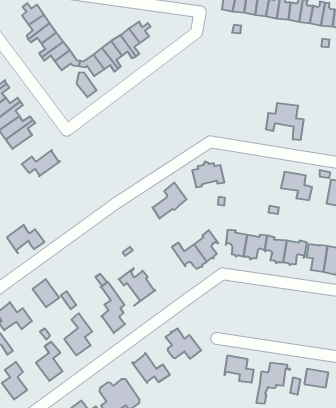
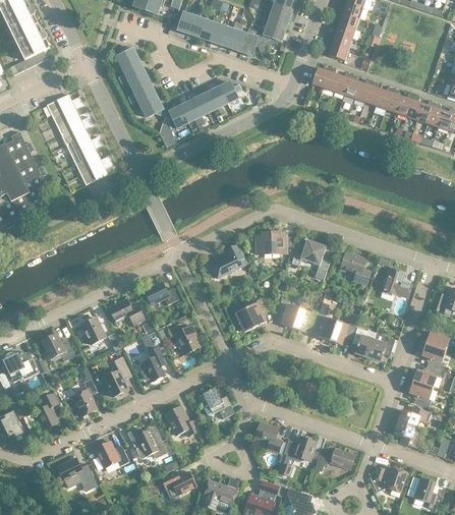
building: [266,103,304,140] -> [290,239,329,279]
building: [22,150,60,176] -> none
building: [7,225,44,253] -> [108,298,144,325]
building: none -> [144,281,178,304]

